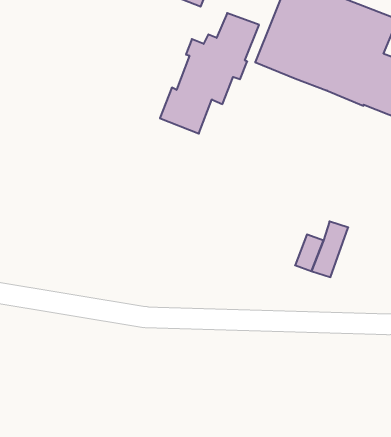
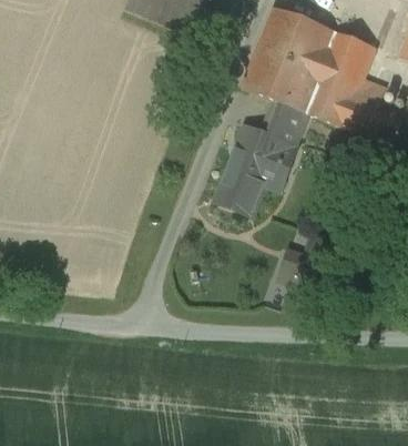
building: [160,13,259,134] -> [216,101,309,214]

